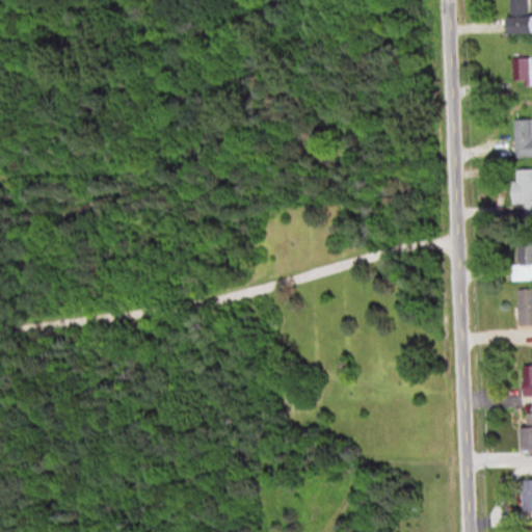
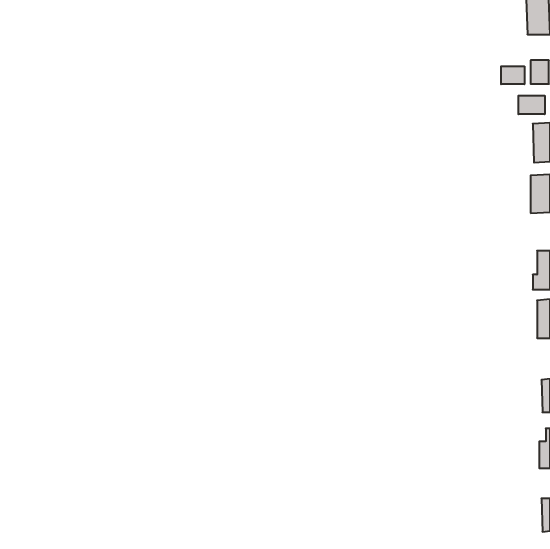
building: none -> [501,66,524,84]
building: none -> [518,96,545,114]

